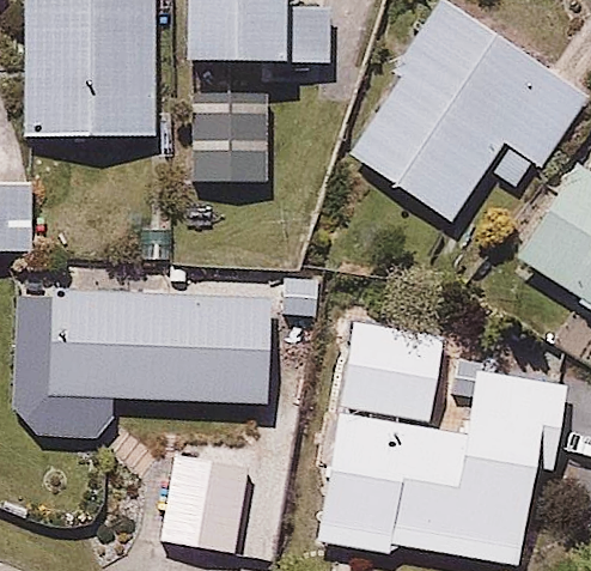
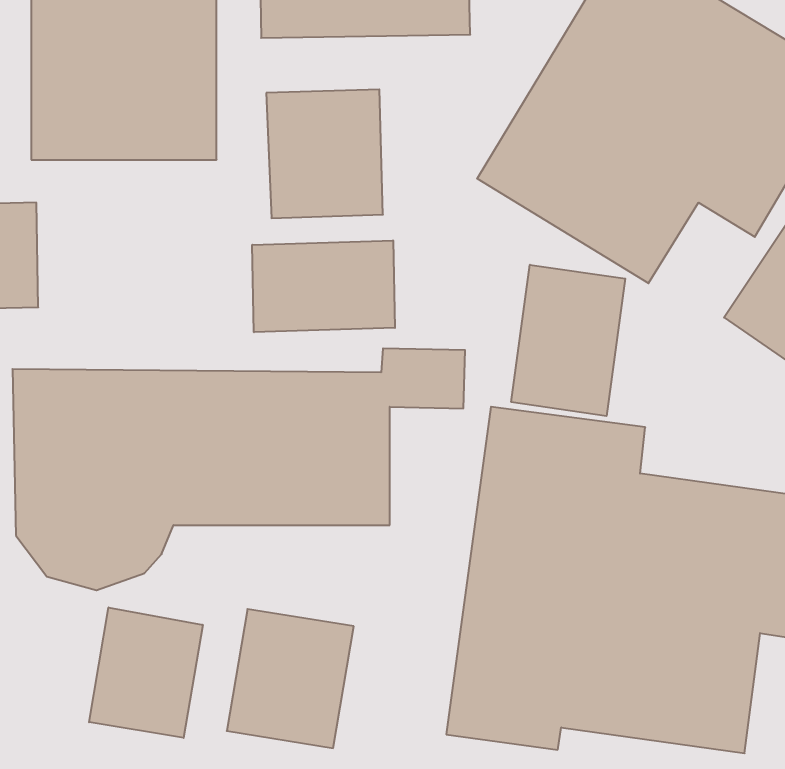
building: none -> [252,240,395,332]
building: none -> [511,265,625,416]
building: none -> [89,607,203,738]

